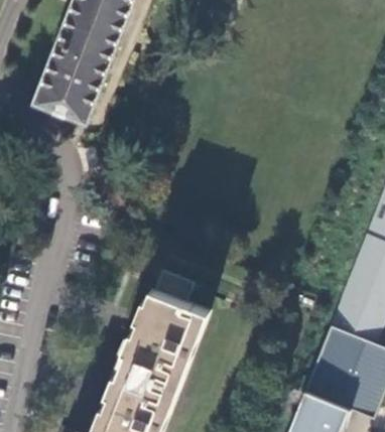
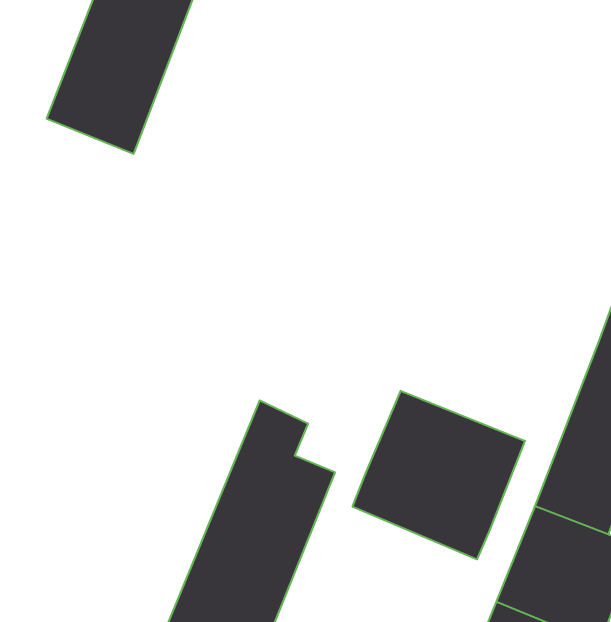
building: none -> [353,391,525,559]

